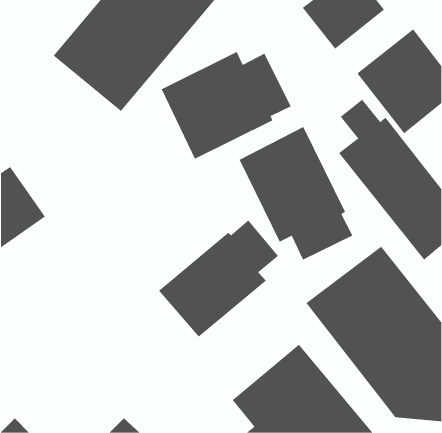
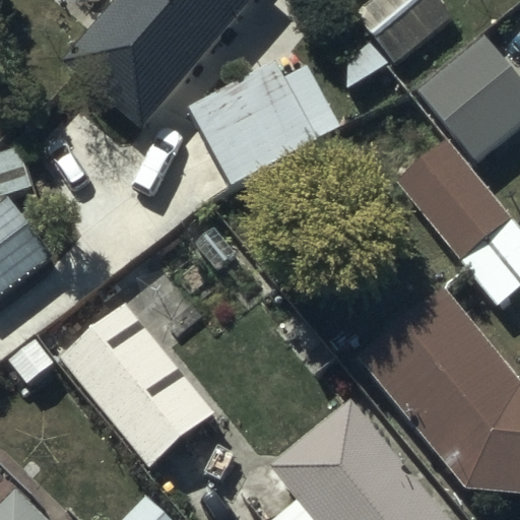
building: [239,126,353,260] -> none
building: [158,219,279,338] -> none
building: none -> [59,303,213,465]

